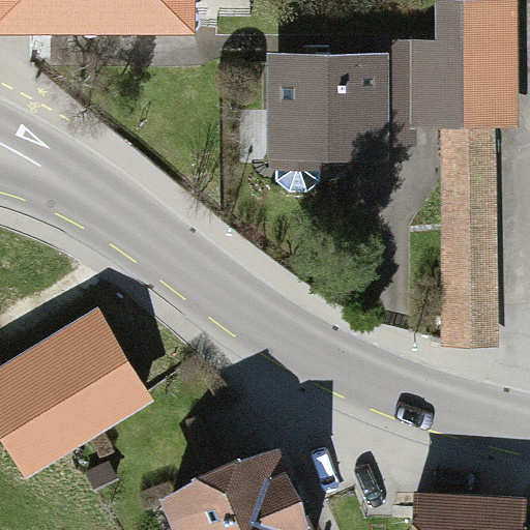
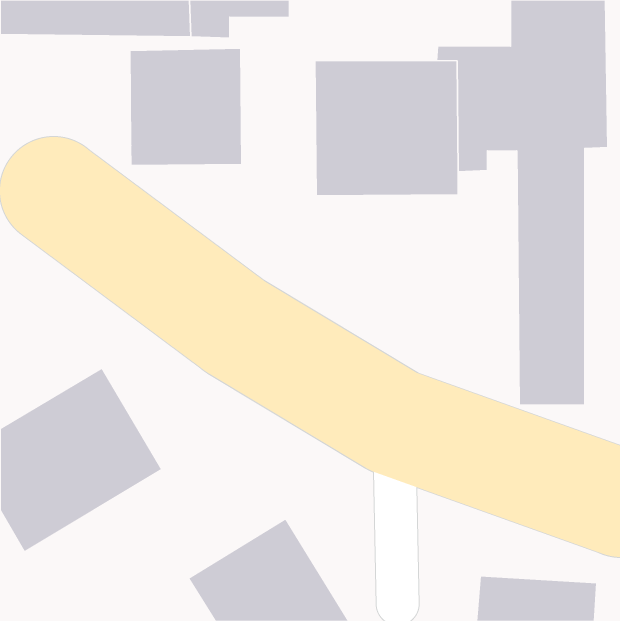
building: none -> [130,48,242,165]

